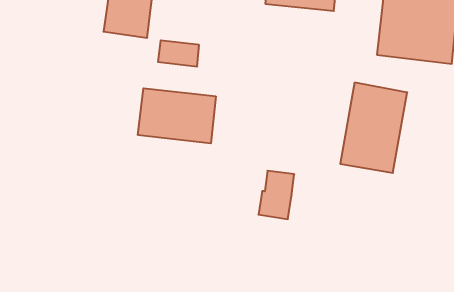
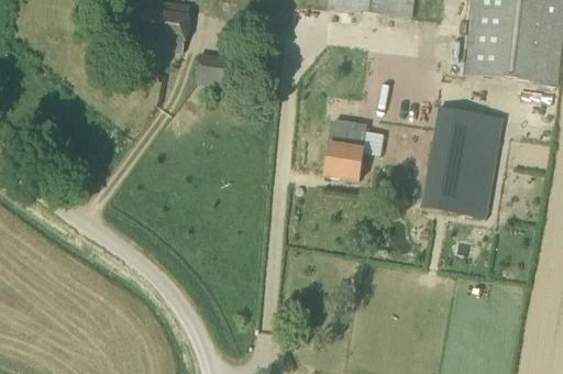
building: [138,88,216,143] -> none
building: [258,171,294,219] -> [324,119,368,178]

